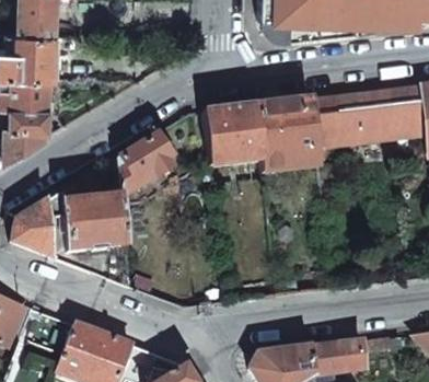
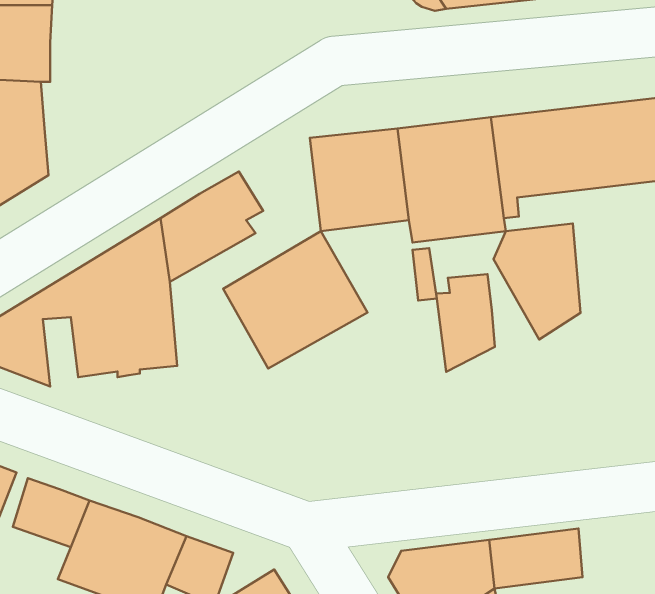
building: none -> [494,223,581,339]
building: none -> [223,231,367,368]
building: none -> [436,274,495,372]

